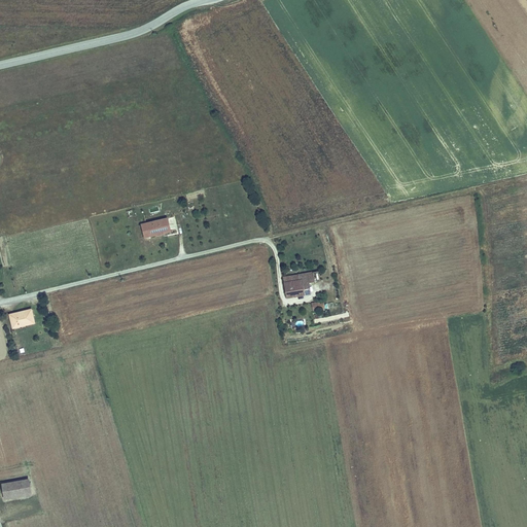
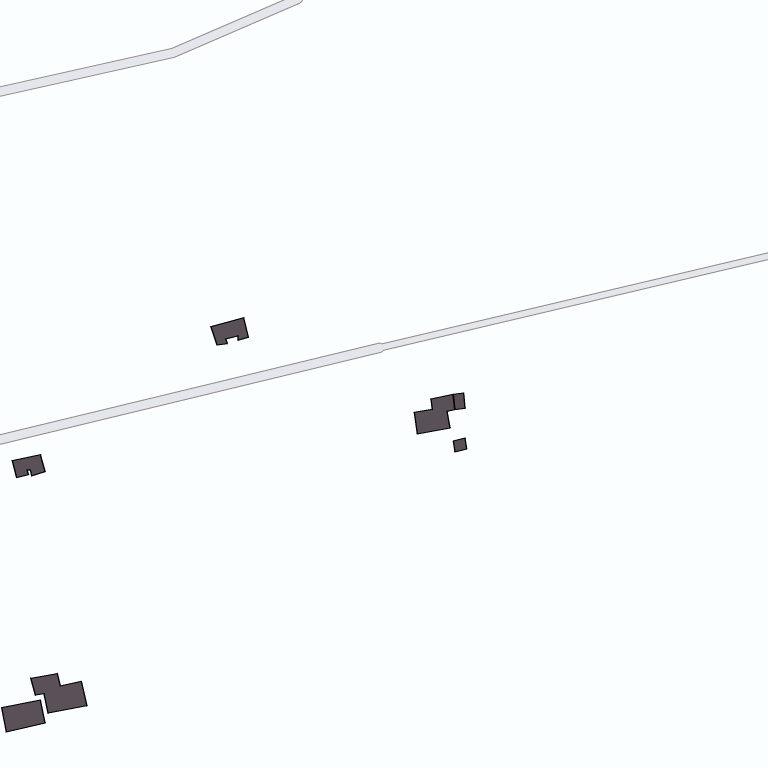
building: none -> [31,673,87,713]

